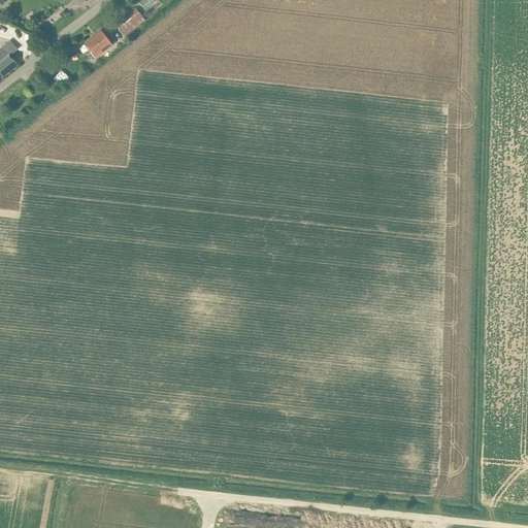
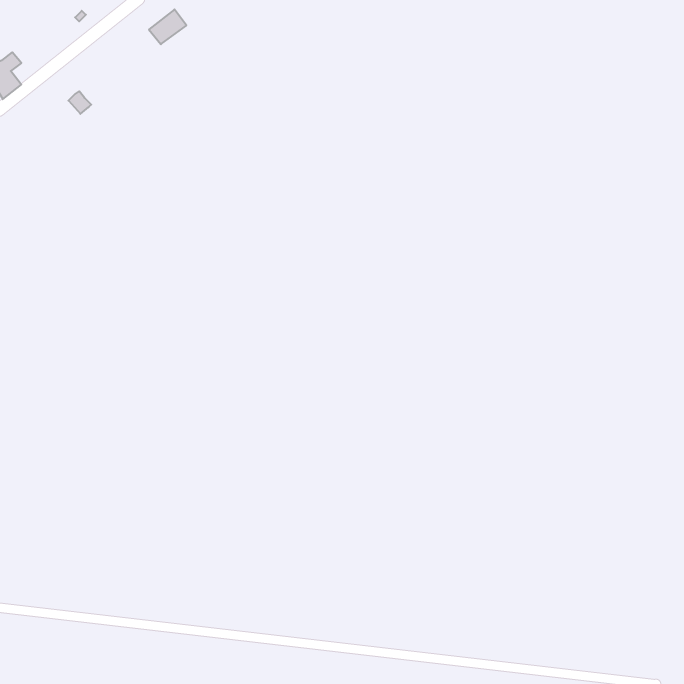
building: [85,30,113,56] -> none

